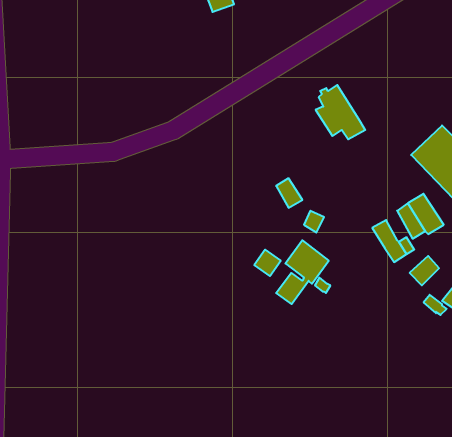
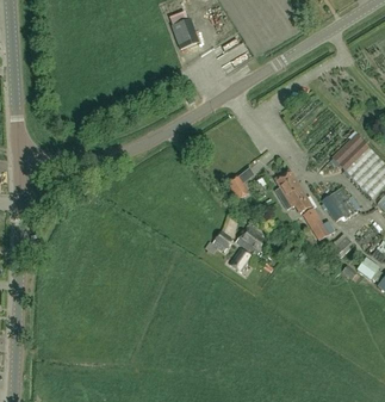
building: [316,85,365,139] -> [273,171,311,212]

